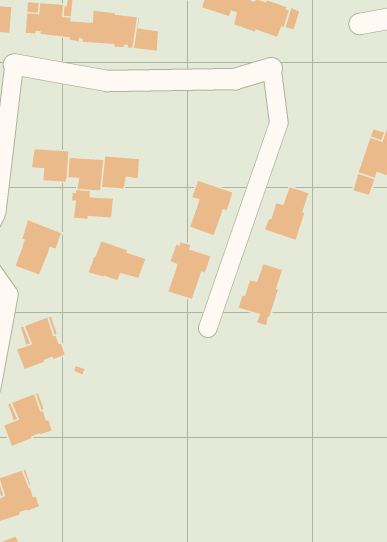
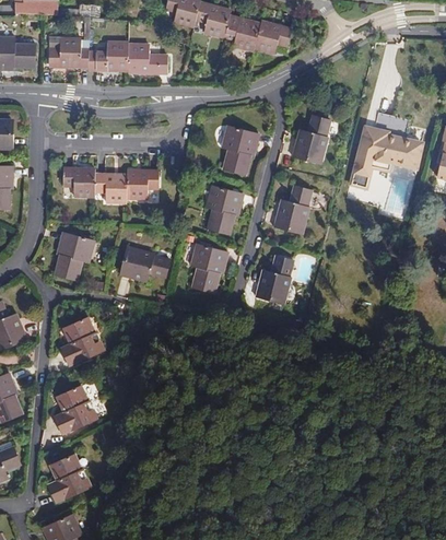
building: none -> [292,116,330,164]
building: none -> [222,126,259,175]
building: [71,189,114,219] -> none

